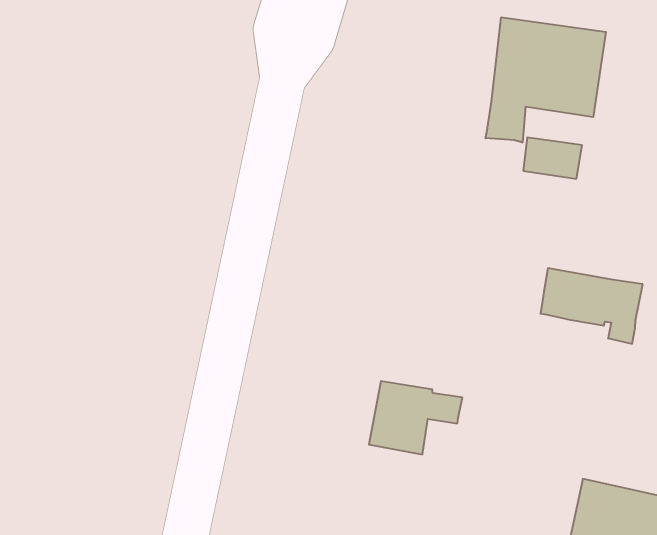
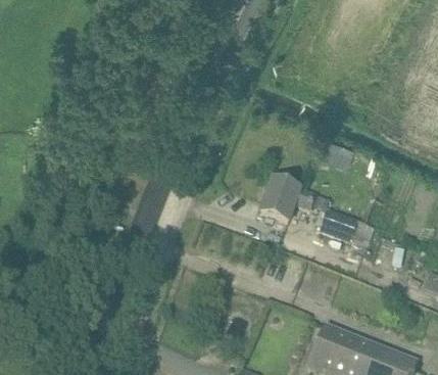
building: [486,17,606,143] -> none
building: [369,381,462,454] -> [260,178,314,221]

